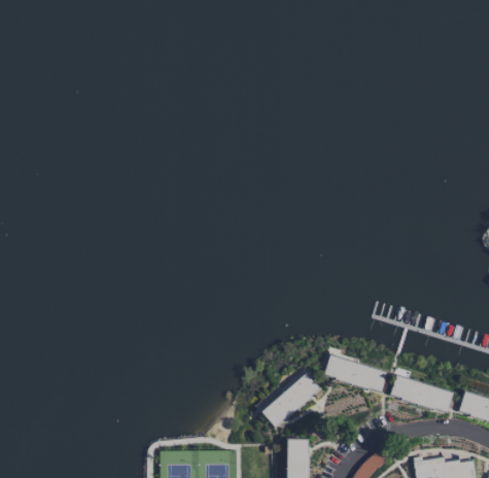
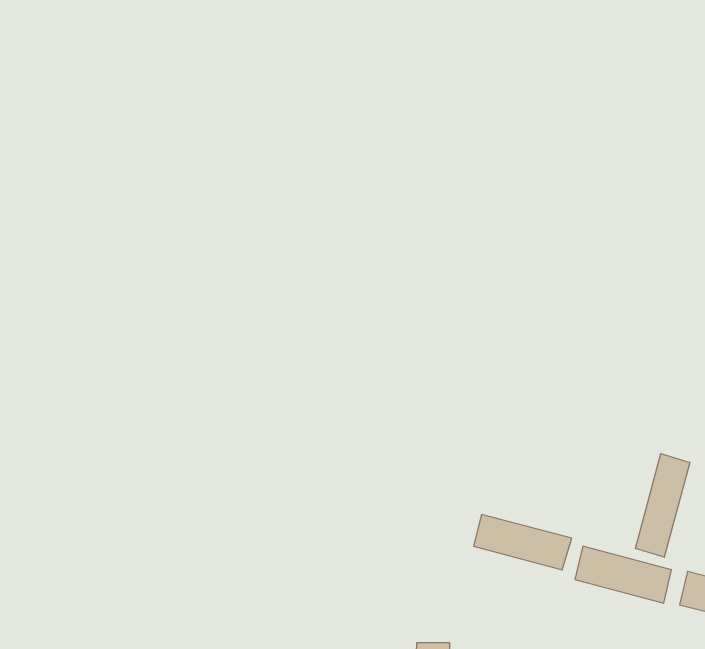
building: none -> [636,454,690,557]
building: [260,370,321,429] -> none

